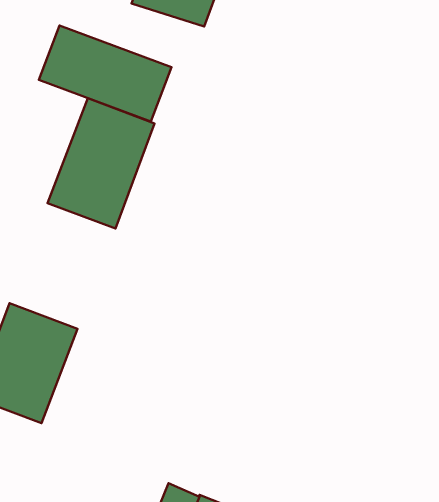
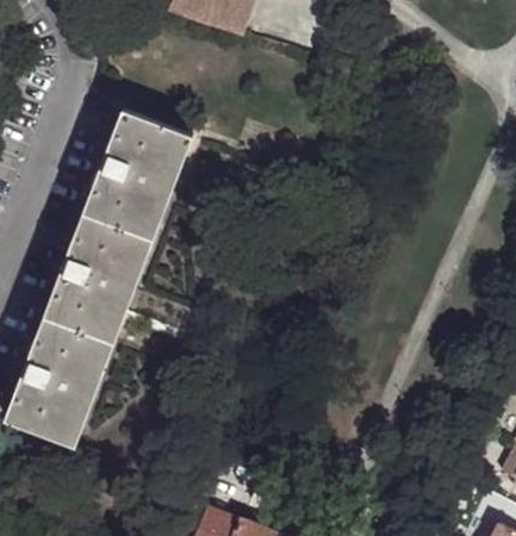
building: [39,25,171,122] -> none
building: none -> [42,217,151,347]

